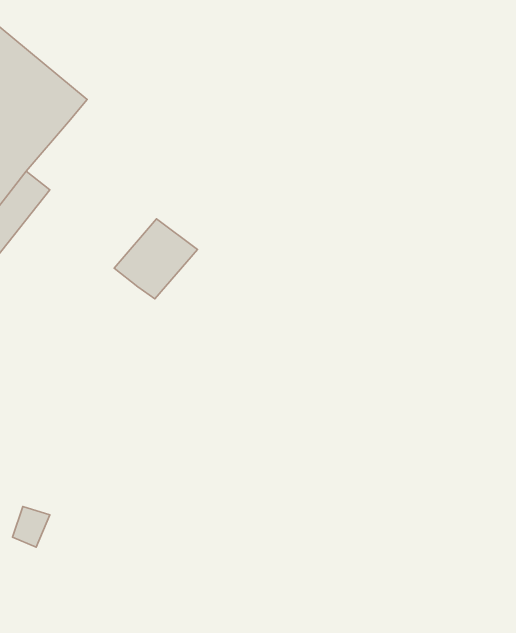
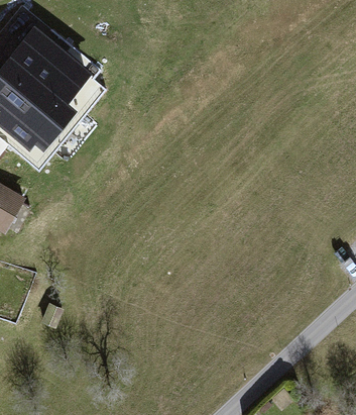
building: [114,219,197,299] -> [50,79,100,126]

